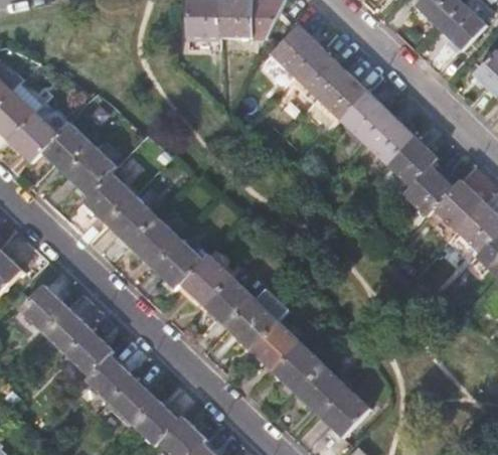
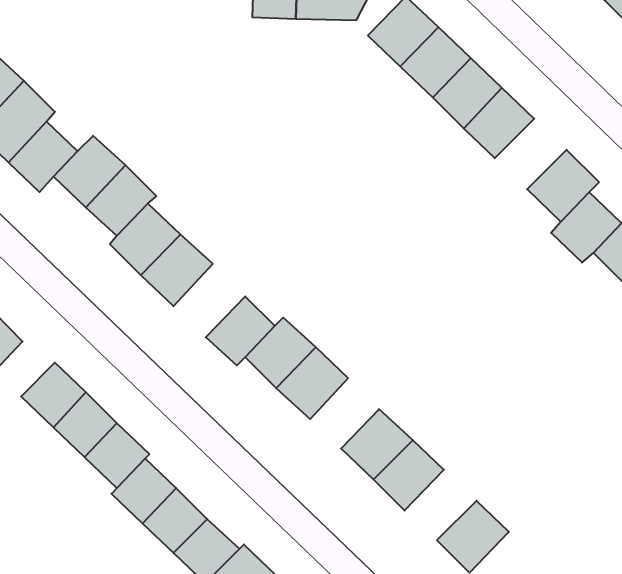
building: [359,111,410,161] -> none
building: [130,214,181,267] -> none
building: [227,284,288,346] -> none
building: [295,361,346,412] -> none

